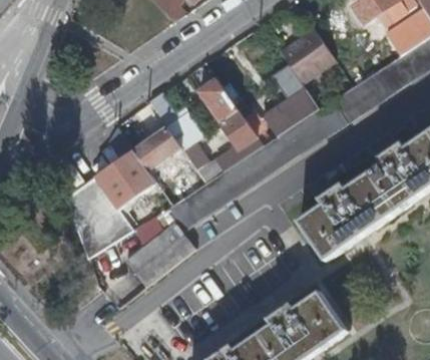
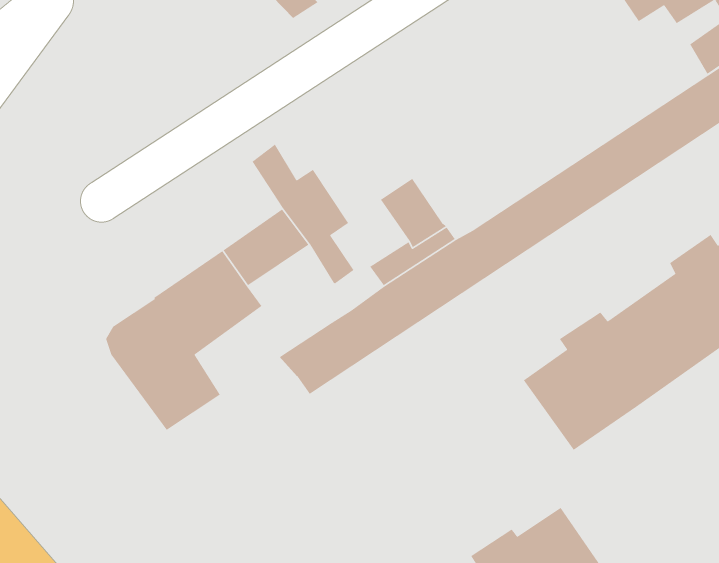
building: [280,27,335,81] -> none
building: [199,77,239,121] -> none
building: [263,87,319,138] -> none
building: [123,220,194,286] -> none

